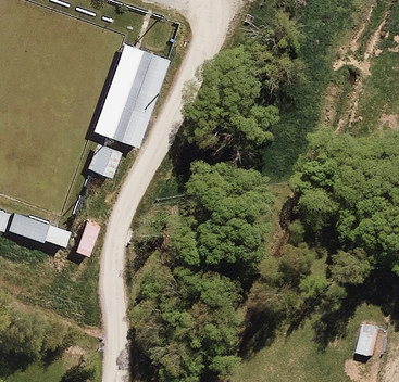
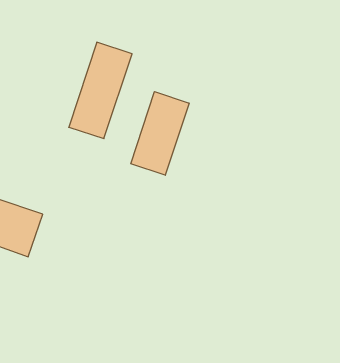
building: none -> [131,92,189,175]

